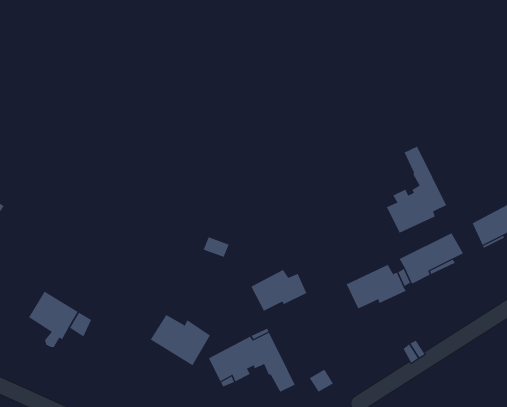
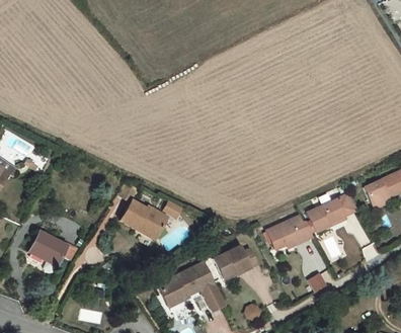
building: [386,146,447,234] -> none
building: [250,269,307,312] -> [217,244,260,276]
building: [150,314,211,366] -> [115,200,162,240]

